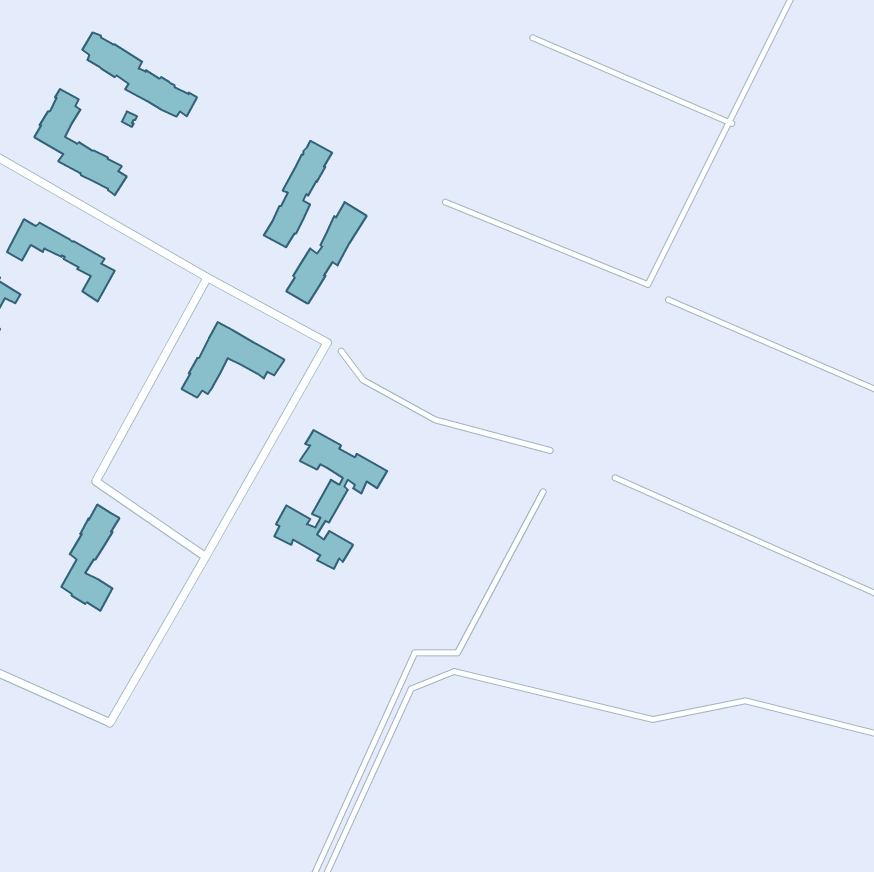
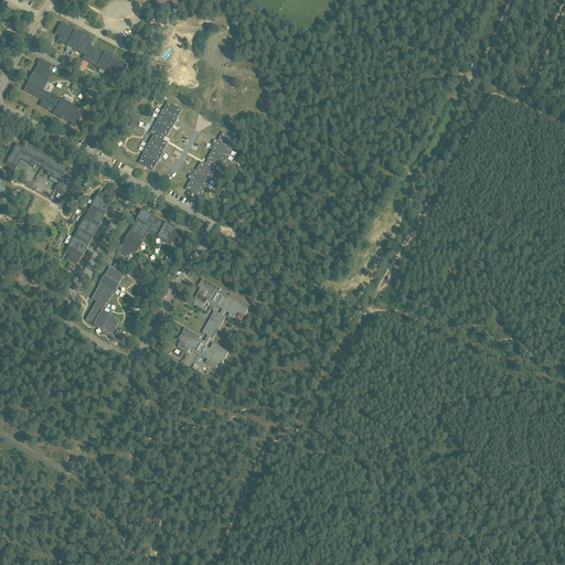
building: [264,141,332,247] -> [137,100,181,169]
building: none -> [64,188,115,263]
building: [61,505,119,611] -> [85,265,122,333]

